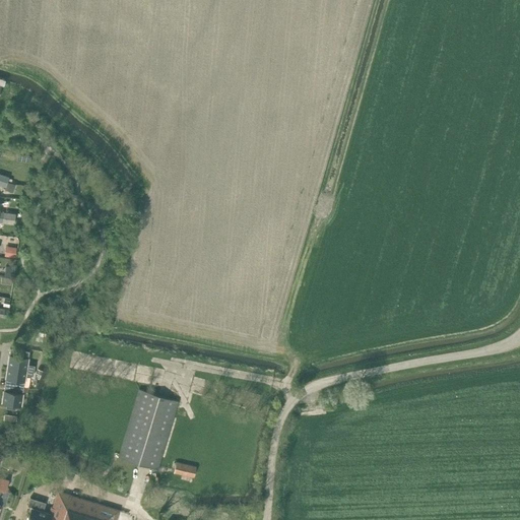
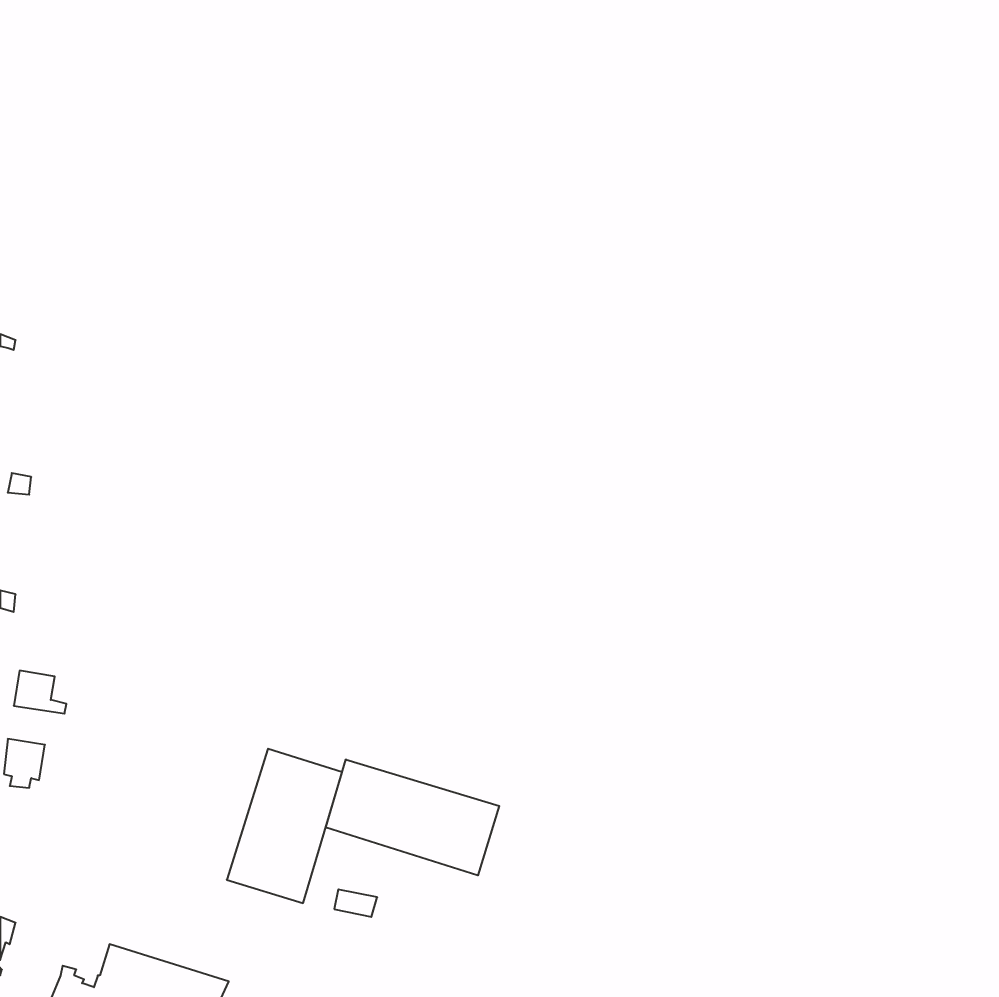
building: [4,368,34,388] -> none
building: none -> [326,759,499,875]

